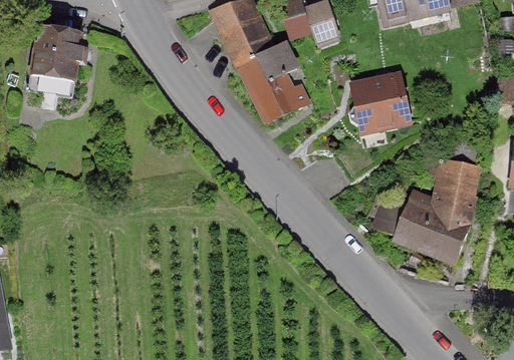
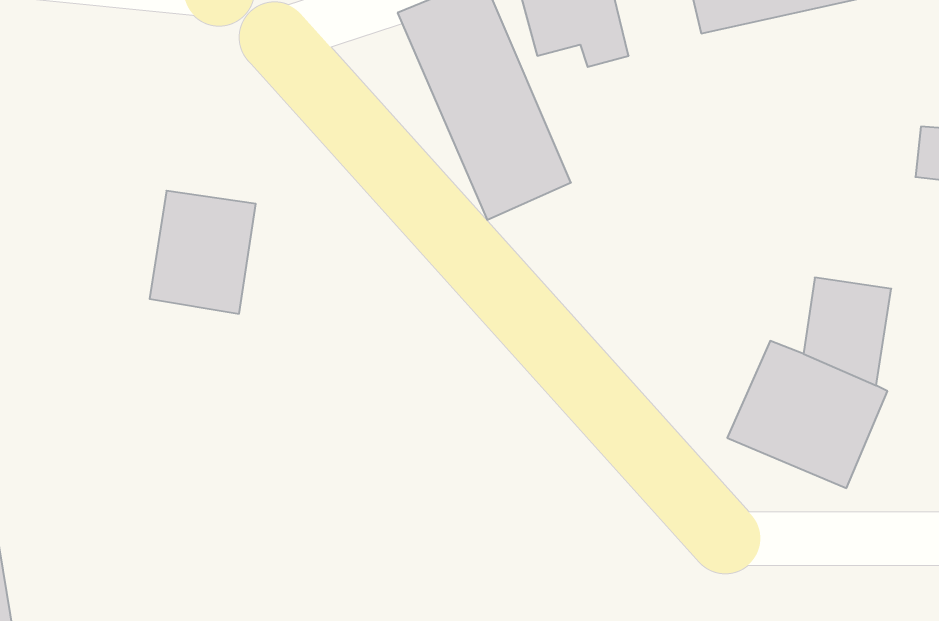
building: [27,23,84,89] -> [150,191,256,314]
building: [346,68,409,138] -> none

